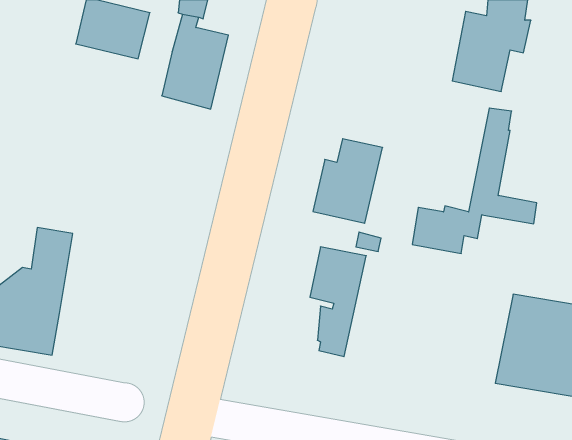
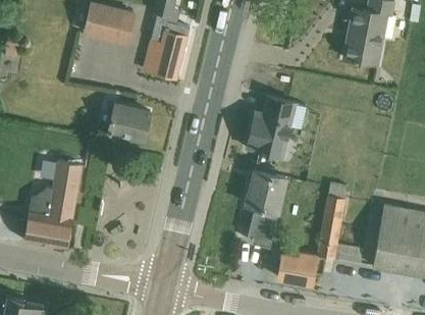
building: [412,108,537,253] -> [277,185,363,284]
building: none -> [106,104,149,140]

